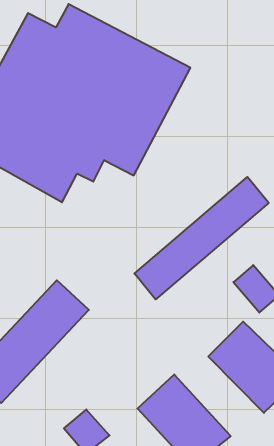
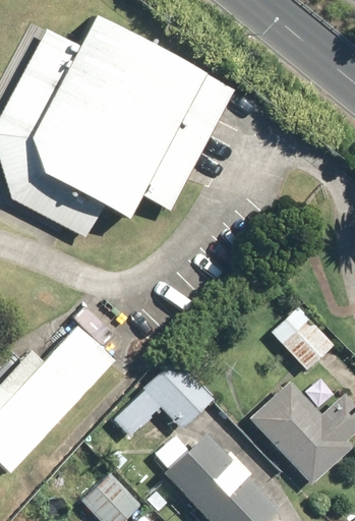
building: [134,177,269,299] -> none
building: none -> [117,363,211,432]

